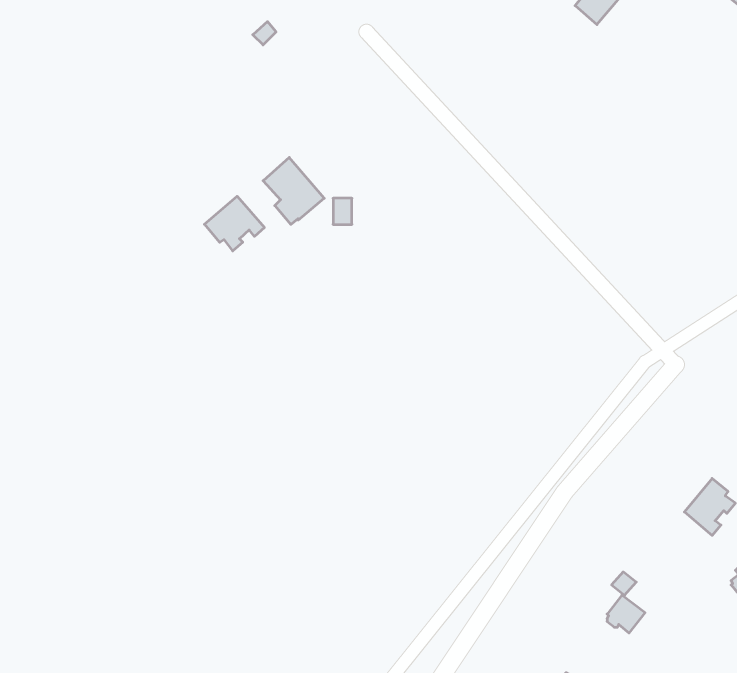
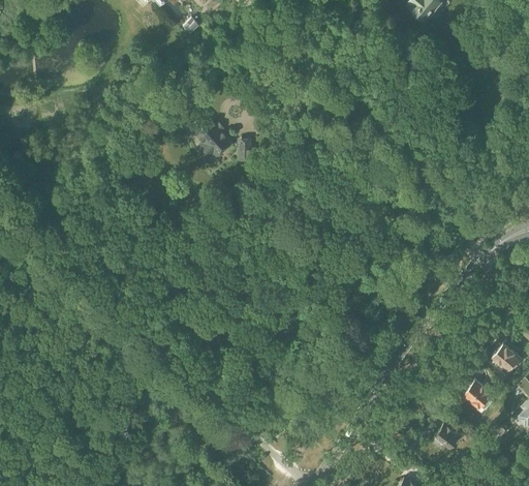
building: [204,196,264,251] -> none
building: none -> [466,381,494,409]

